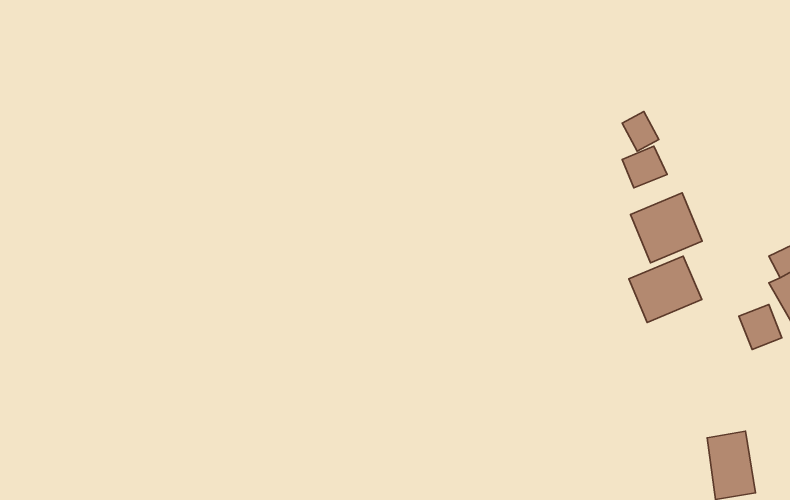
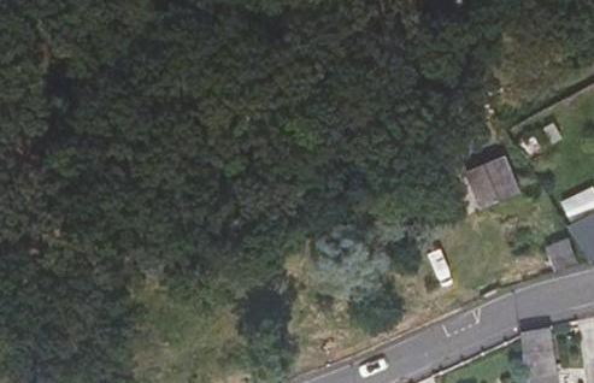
building: [629,256,702,322] -> none

